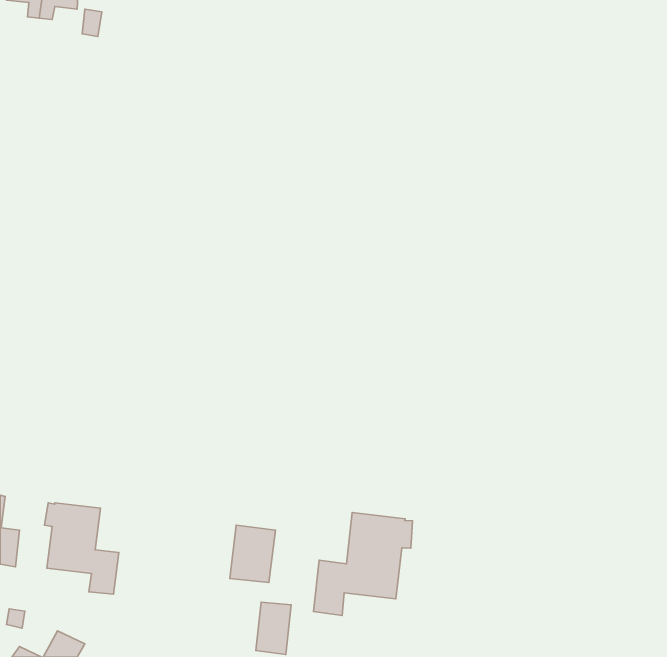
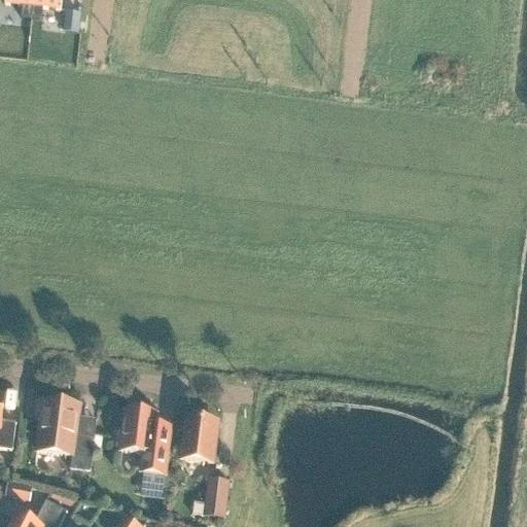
building: [313,512,413,615] -> none
building: none -> [113,407,171,489]

